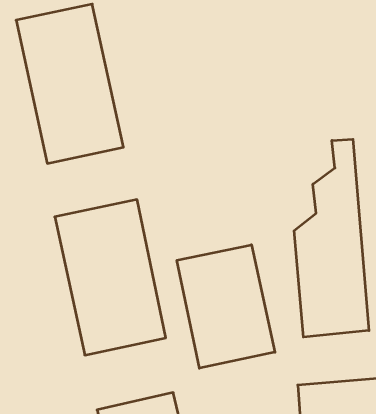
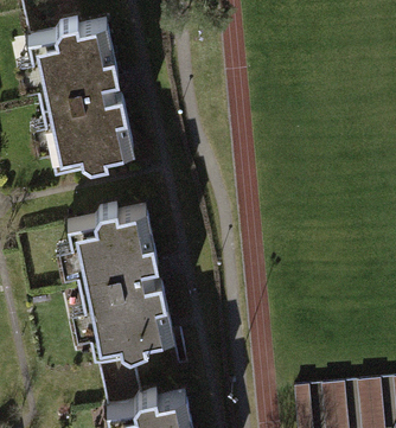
building: [294,139,369,337] -> none
building: [177,245,275,368] -> none

